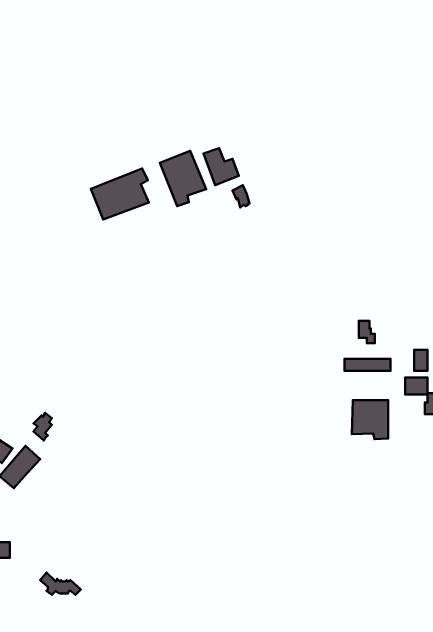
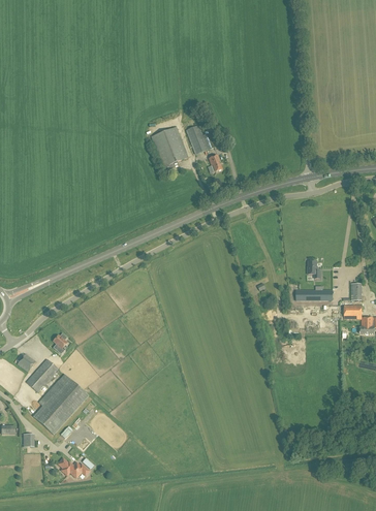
building: [91,168,149,220] -> none
building: [352,400,388,439] -> none
building: none -> [32,373,88,434]

